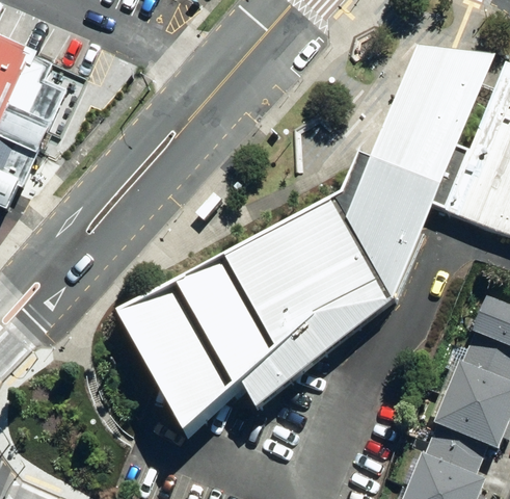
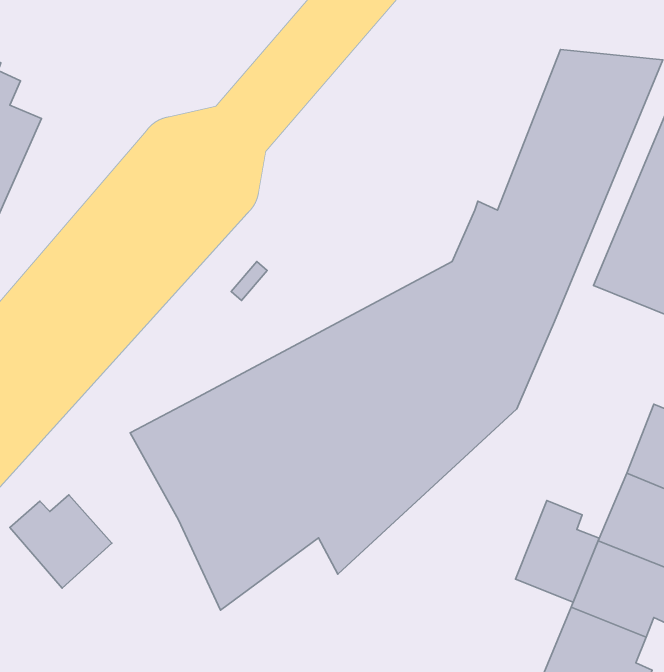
building: none -> [10,495,112,588]
building: none -> [515,501,599,602]

